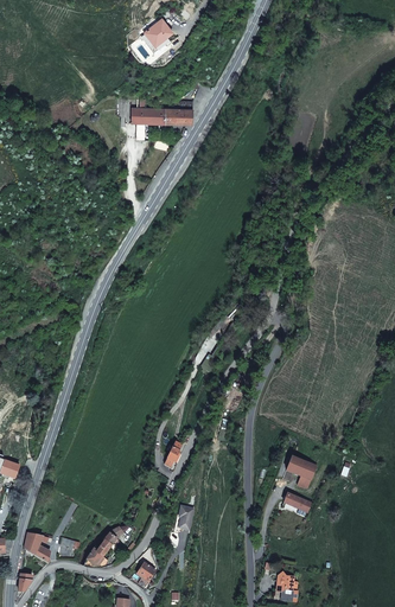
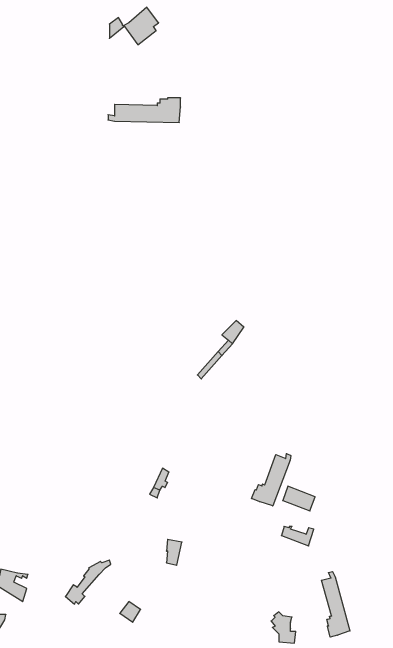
building: none -> [252,454,291,506]
building: none -> [321,572,350,637]

